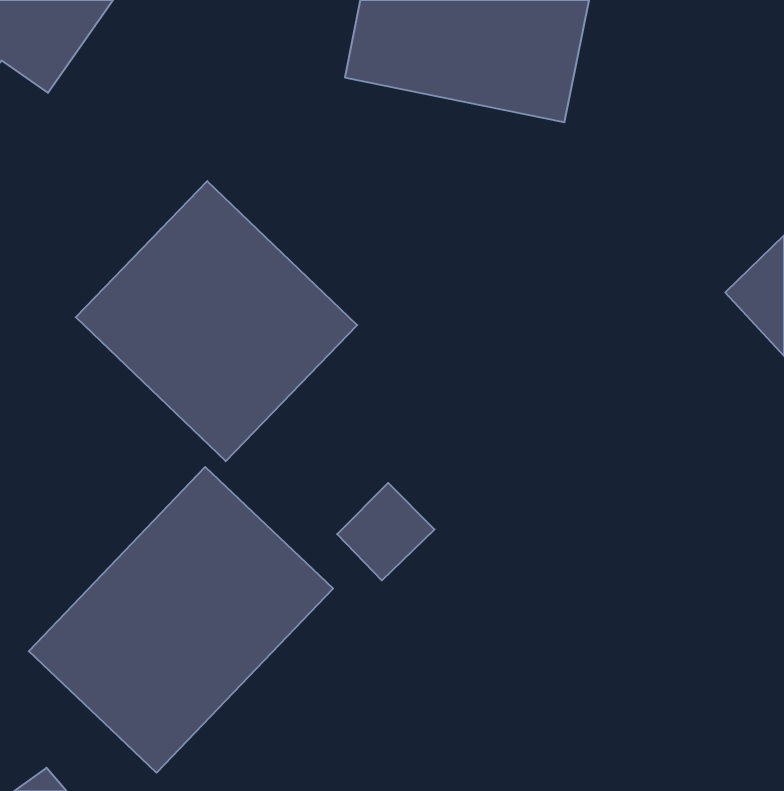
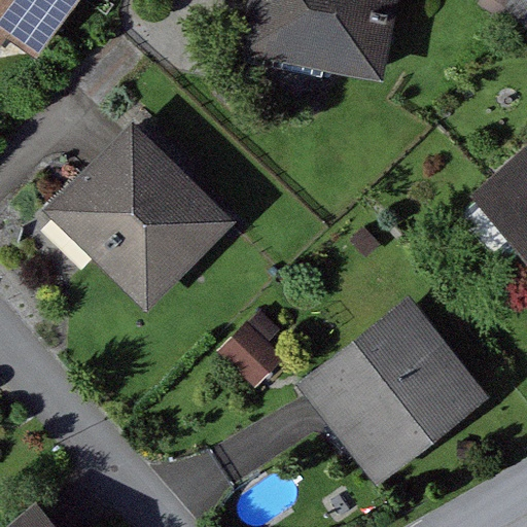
building: none -> [293,301,484,488]
building: [29,467,333,773] -> none

